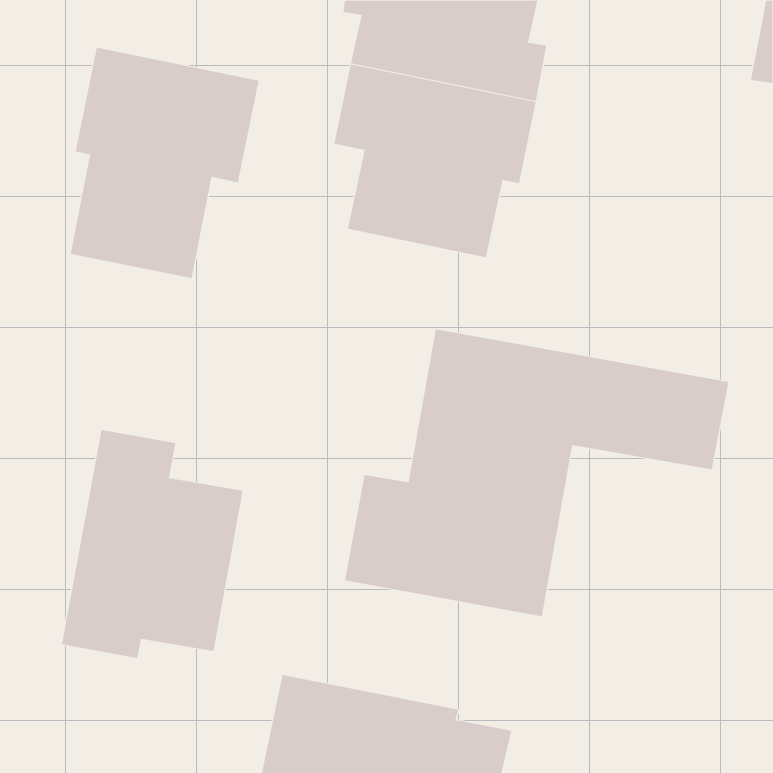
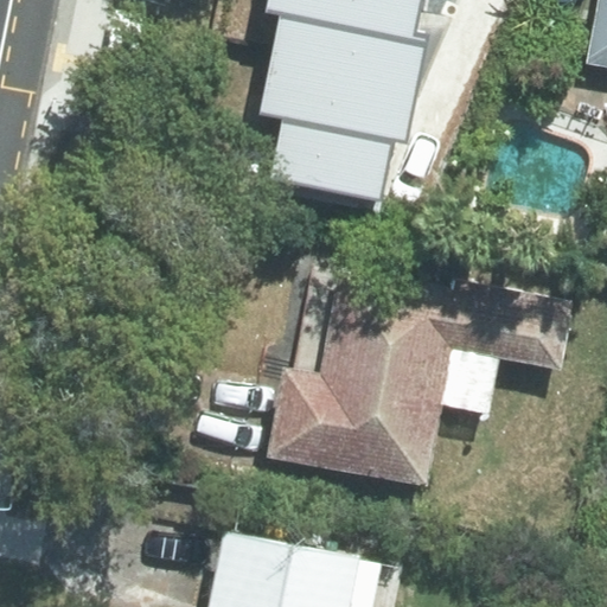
building: [70,47,259,279] -> none
building: [61,429,243,659] -> none

